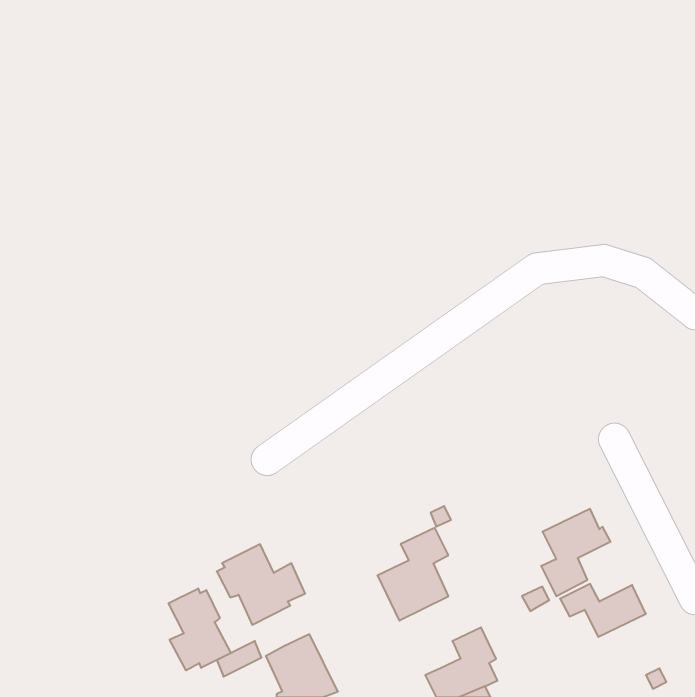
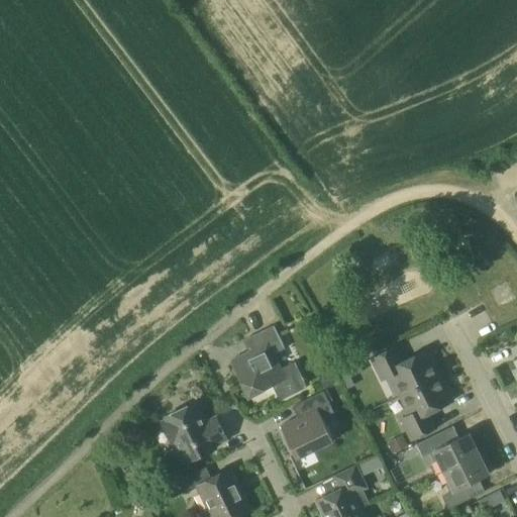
building: none -> [230,325,306,400]
building: none -> [371,346,437,394]
building: [168,588,231,670] -> none
building: none -> [441,454,489,509]

